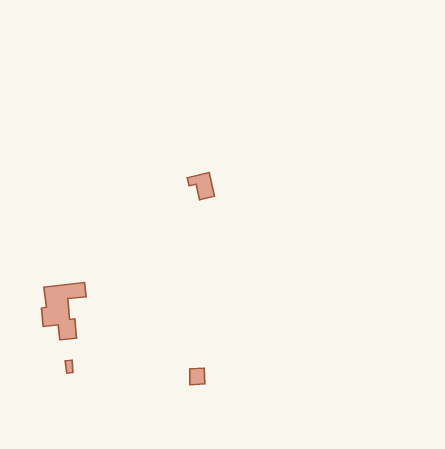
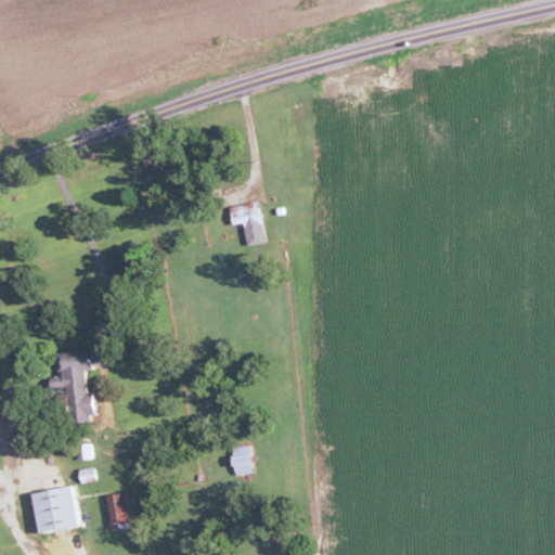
building: none -> [31,487,79,533]
building: none -> [106,493,128,527]

